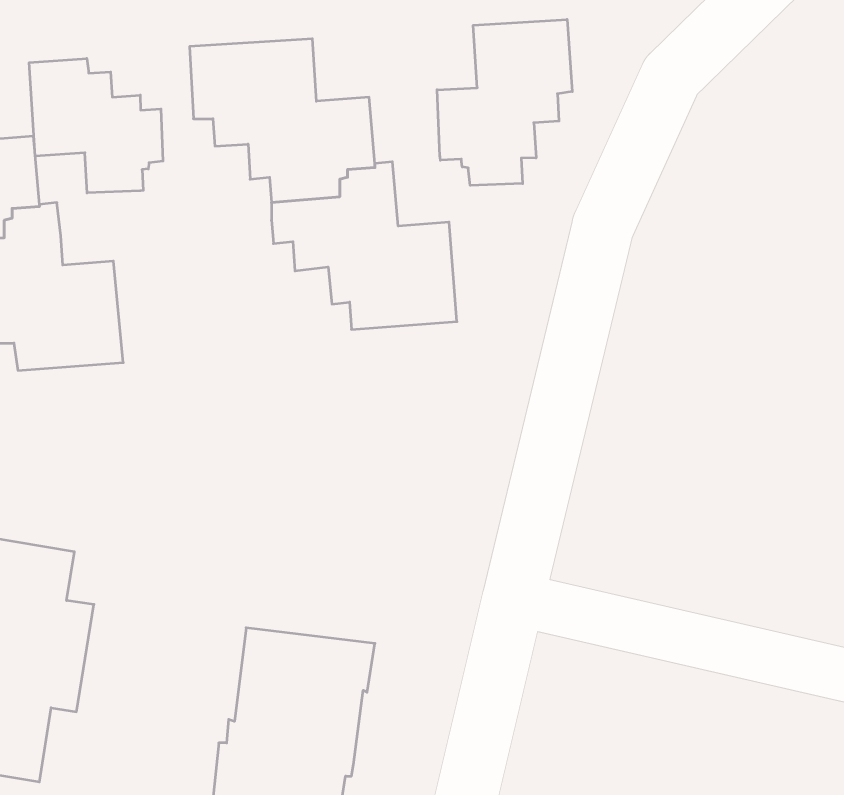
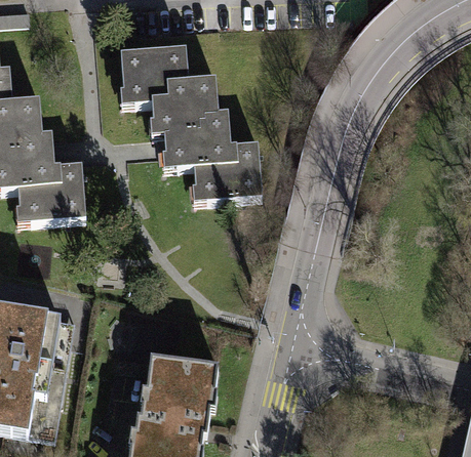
building: [437,19,572,185] -> none
building: [29,58,163,193] -> none

